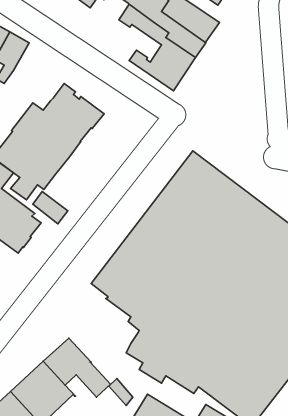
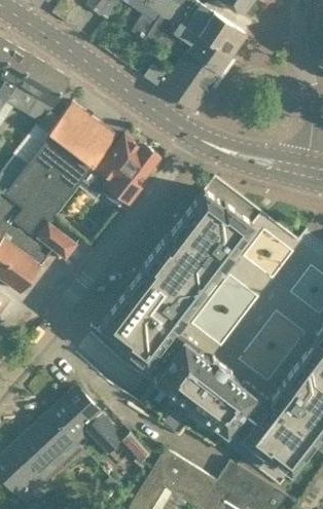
building: none -> [5,58,69,124]
building: none -> [78,136,158,204]

